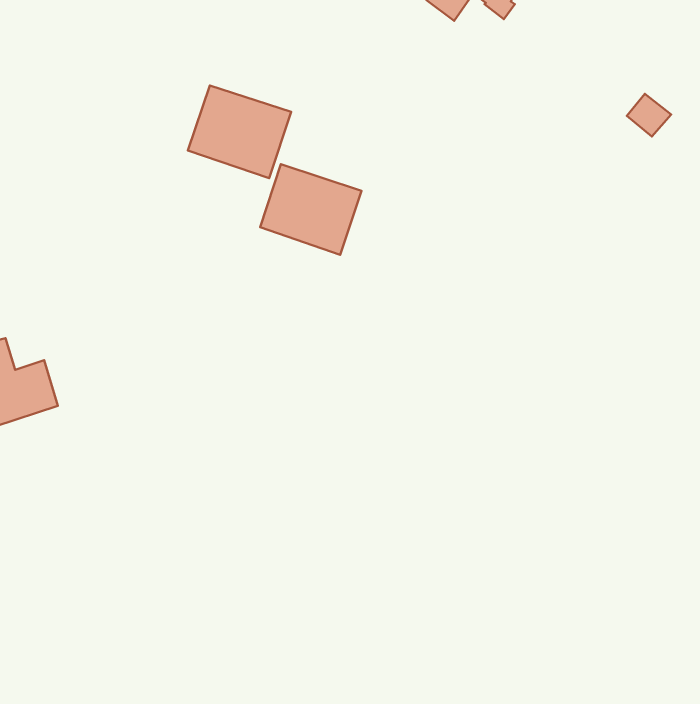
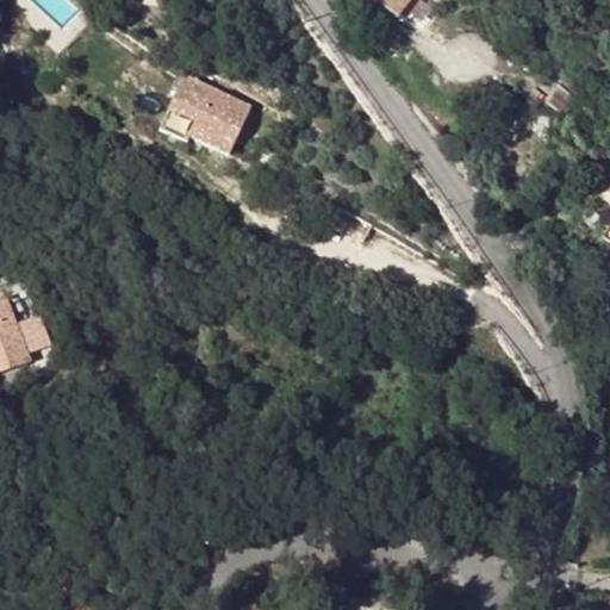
building: [260,164,362,255] -> none

